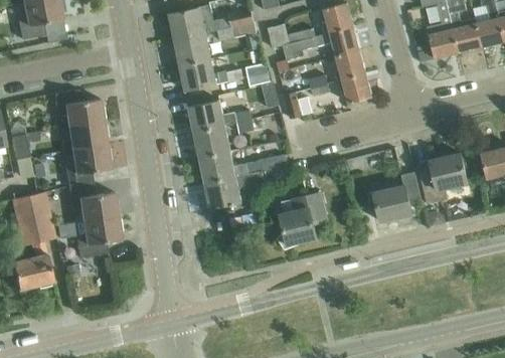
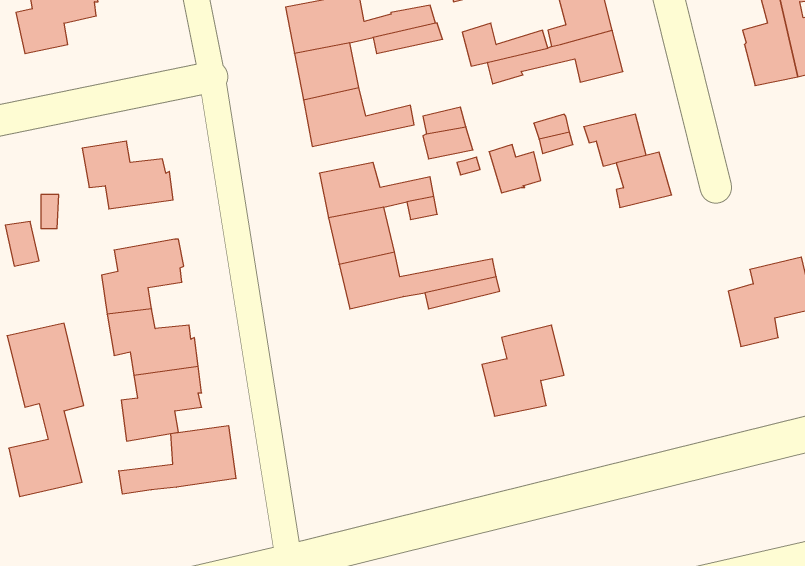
building: [335,50,366,81] -> [616,152,672,207]
building: [62,123,108,152] -> none
building: [372,172,420,223] -> none
building: [205,177,241,209] -> none
building: none -> [119,426,236,494]

